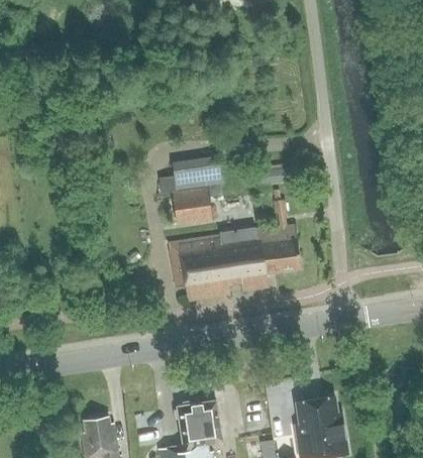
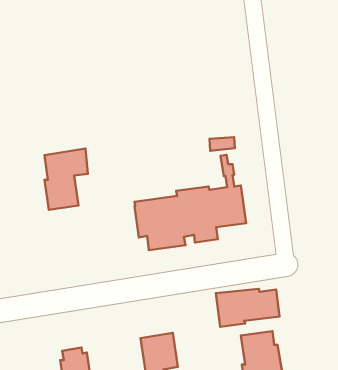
building: [172,154,223,227] -> [44,148,88,210]
building: none -> [216,289,280,327]

